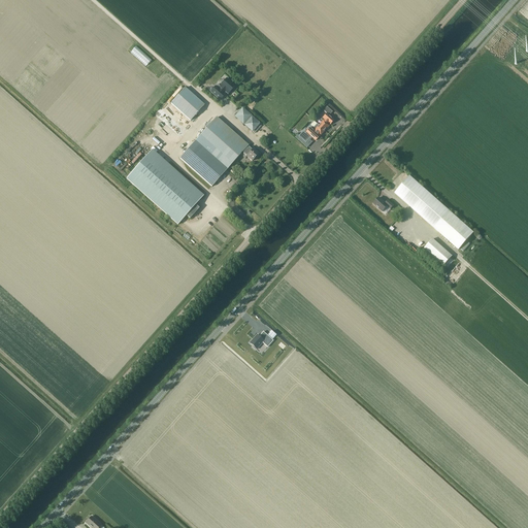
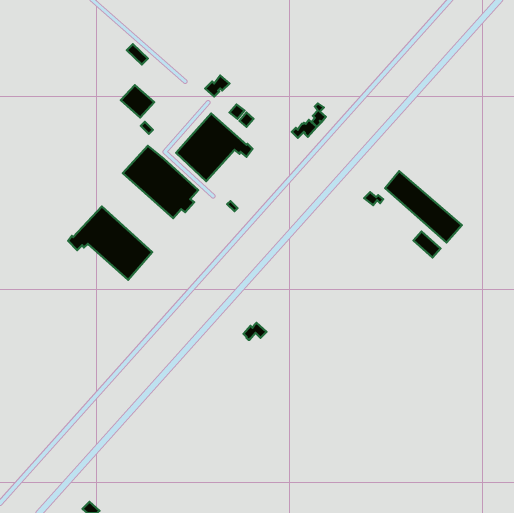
building: [170,87,204,120] -> [121,85,154,117]
building: none -> [68,207,152,280]

